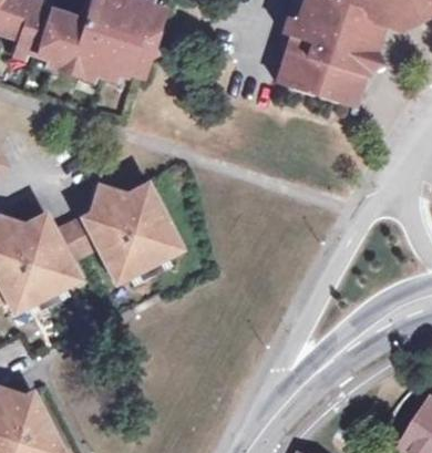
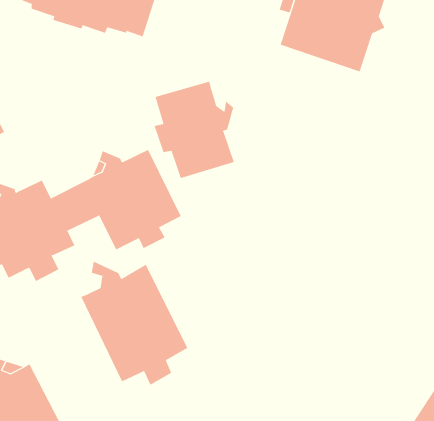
building: none -> [154,81,234,179]
building: none -> [80,261,188,385]

